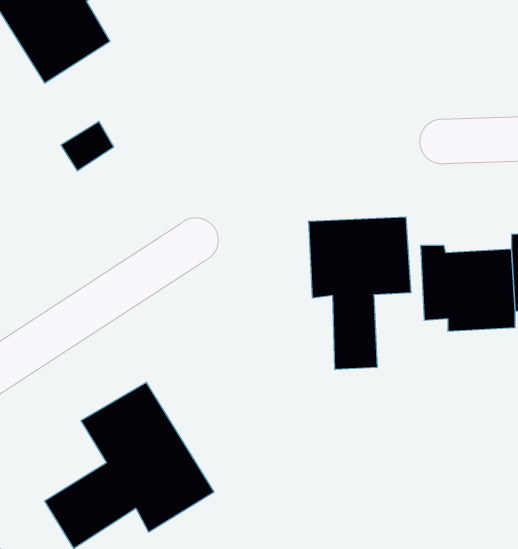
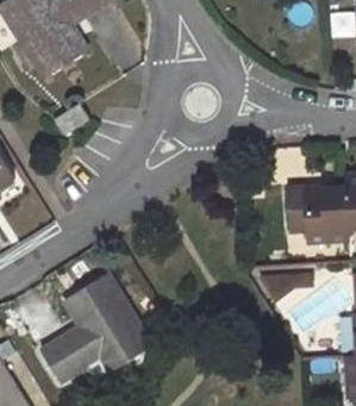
building: [309,217,411,370] -> none

